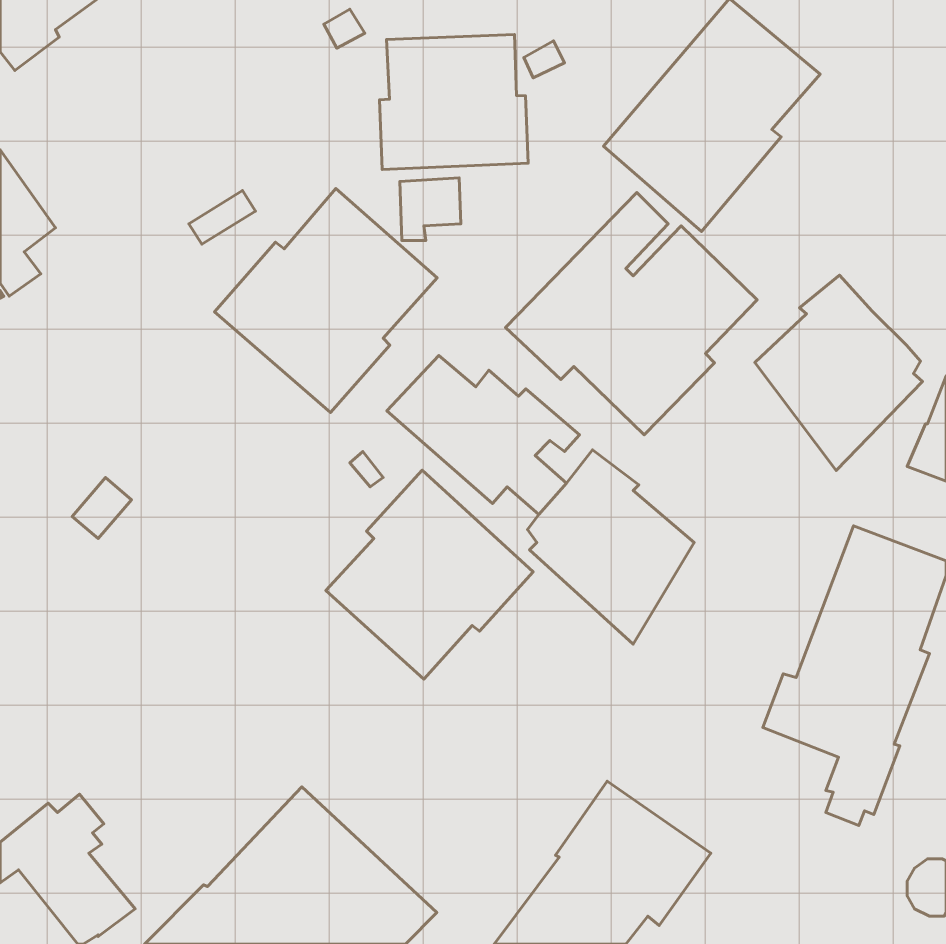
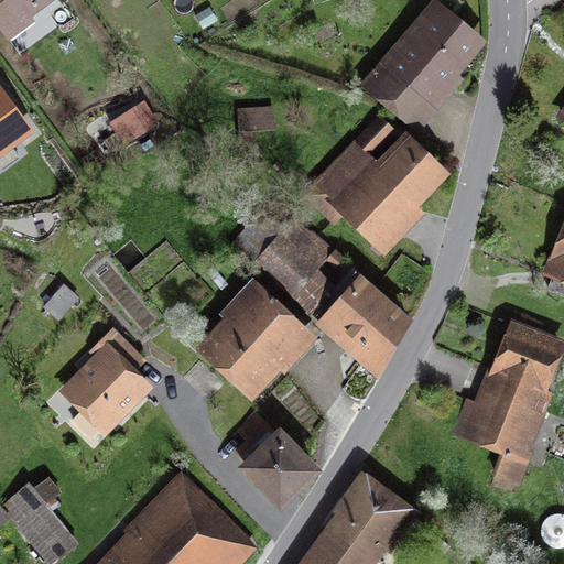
building: [380,35,528,169] -> none
building: [215,189,437,412] -> none
building: [755,275,923,470] -> none
building: none -> [57,328,153,441]
building: none -> [234,409,323,505]

